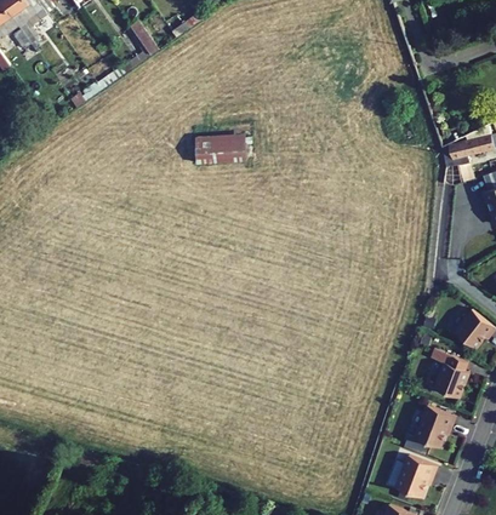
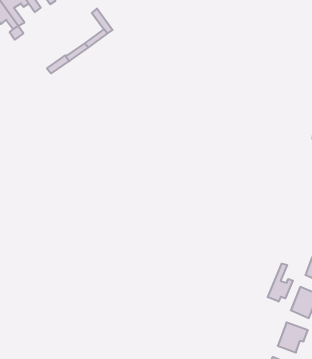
building: [189,138,241,168] -> none
building: none -> [268,264,293,302]

